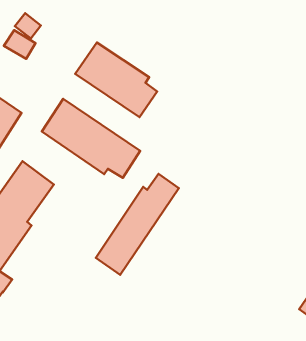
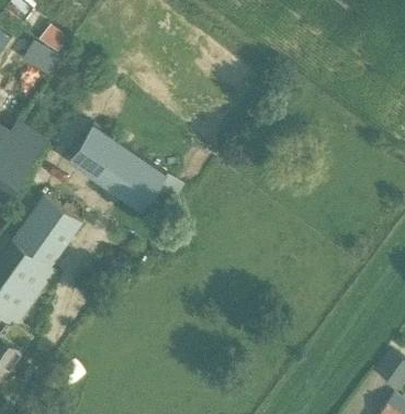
building: [75,43,157,117] -> none
building: [96,174,179,275] -> none

